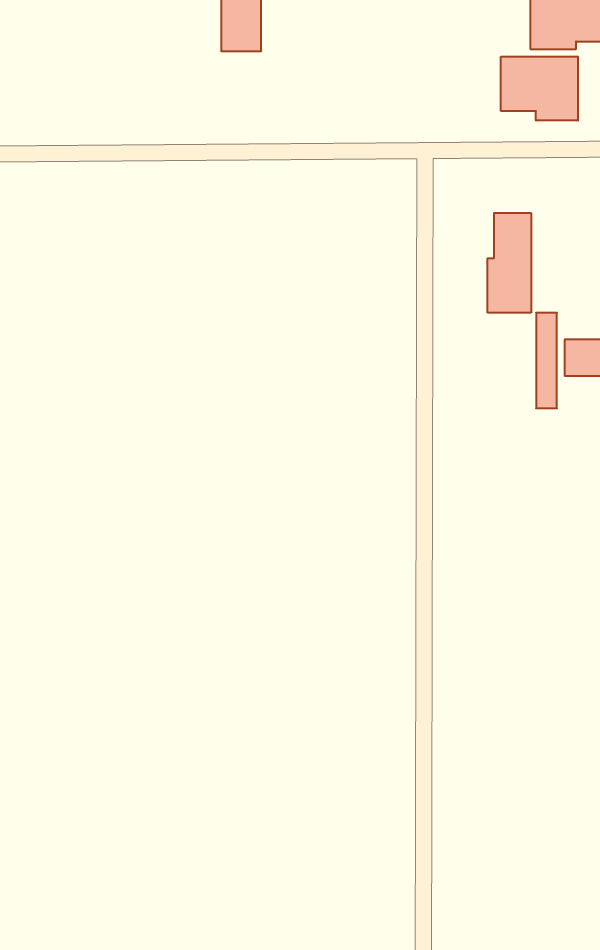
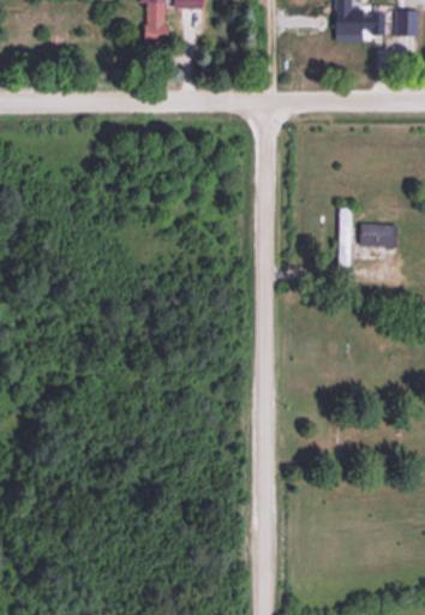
building: [501,57,578,121] -> none
building: [488,213,531,313] -> none

